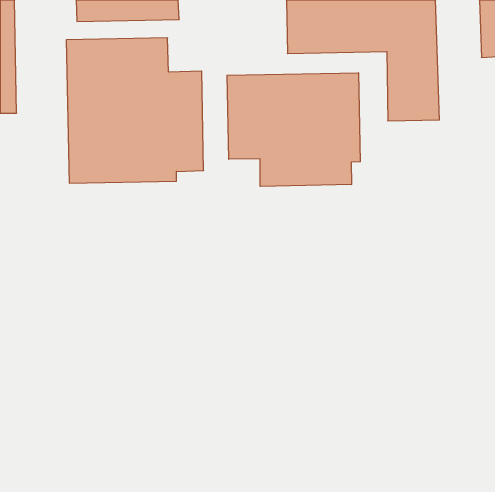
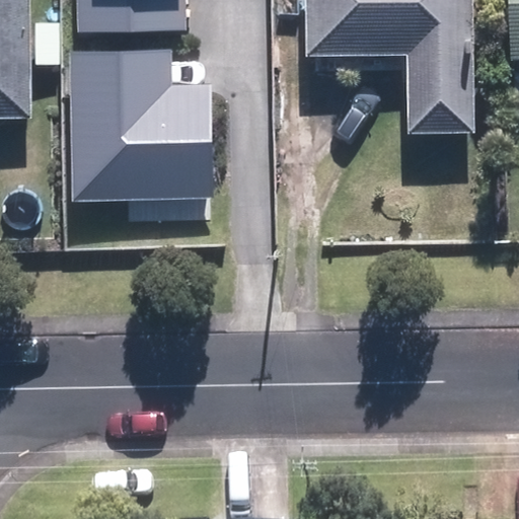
building: [227,73,360,186] -> none

